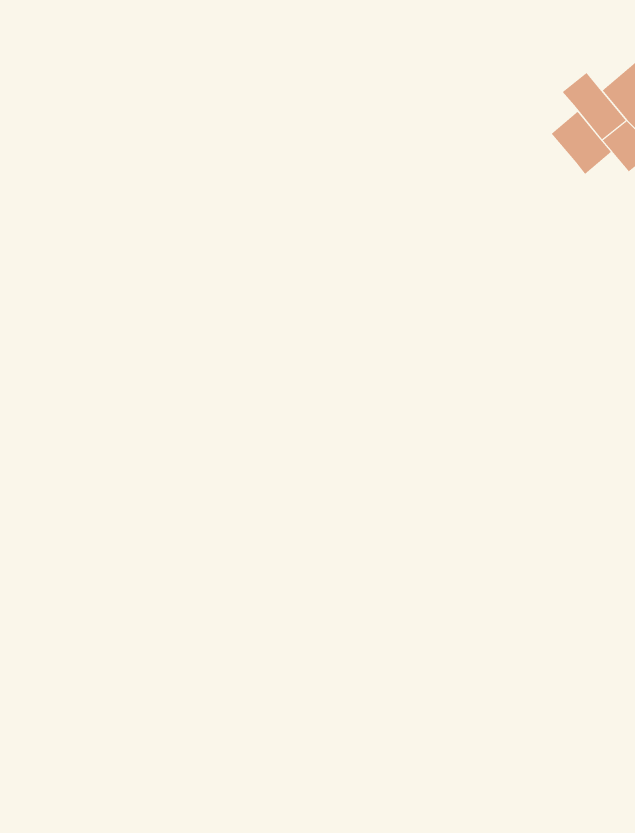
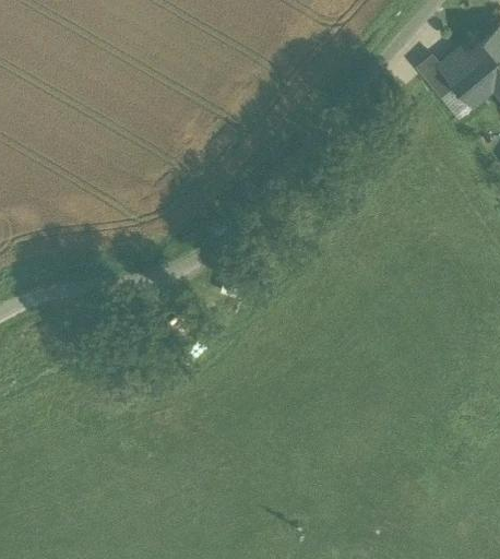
building: [551,111,612,175] -> none

